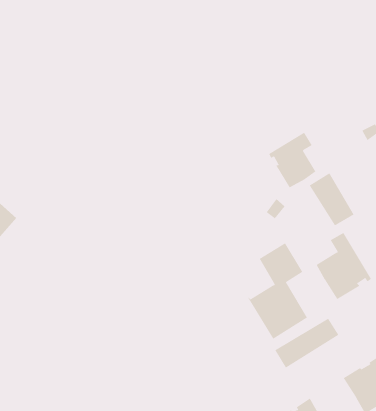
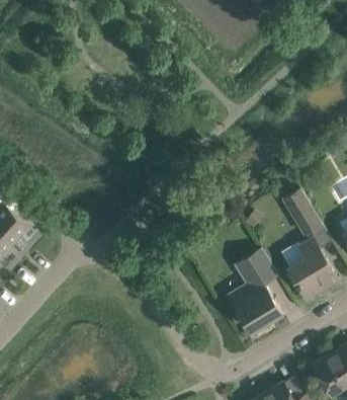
building: [268,132,316,188] -> none
building: [275,318,339,369] -> none

